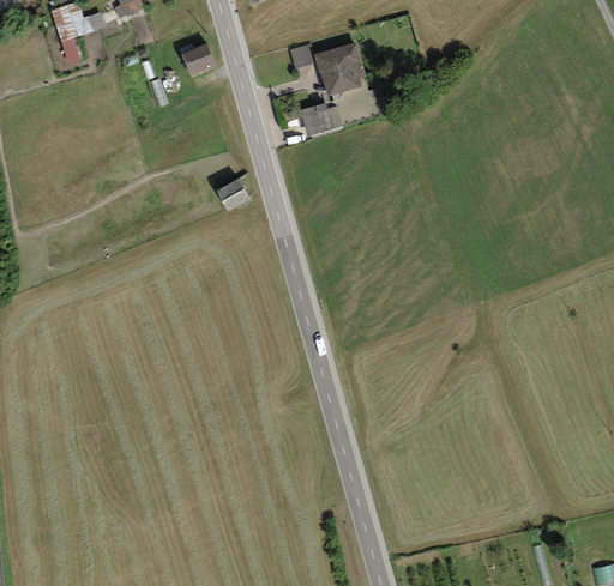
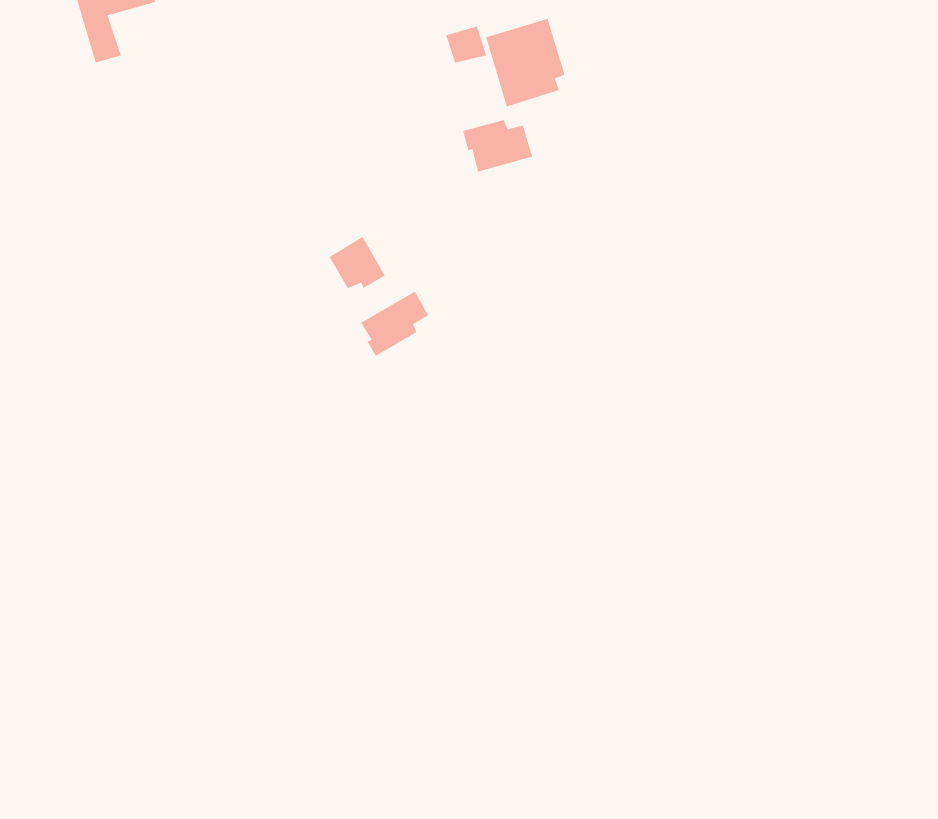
building: [181,41,217,75] -> none
building: none -> [360,290,429,357]

